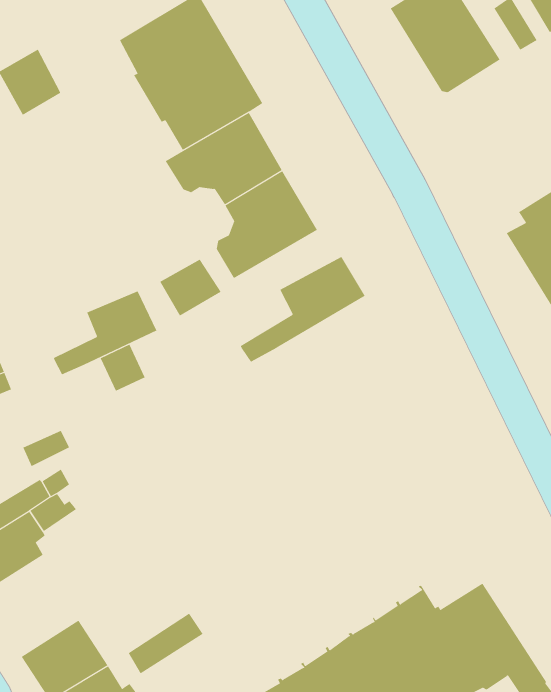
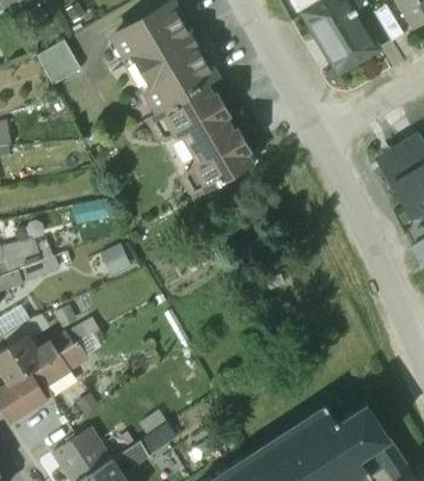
building: [240,256,366,363] -> none
building: [159,259,221,317] -> none
building: [53,290,157,375] -> none

